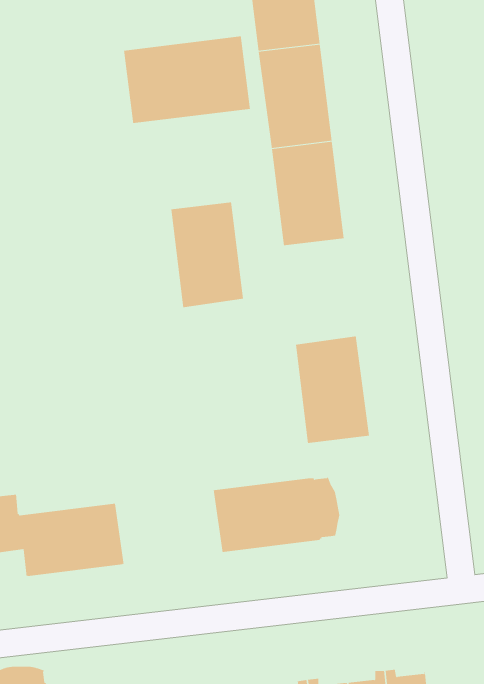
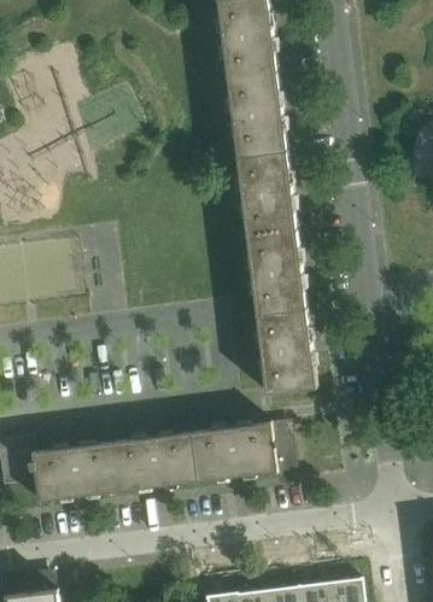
building: [124,36,250,124] -> none
building: [171,202,244,308] -> [246,229,305,315]
building: none -> [111,432,197,492]

